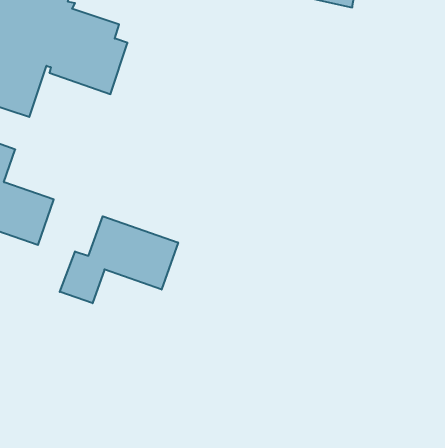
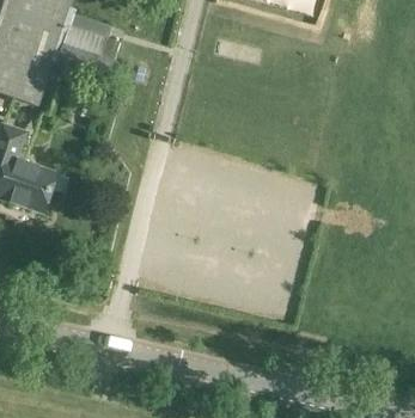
building: [60,216,178,303] -> none

